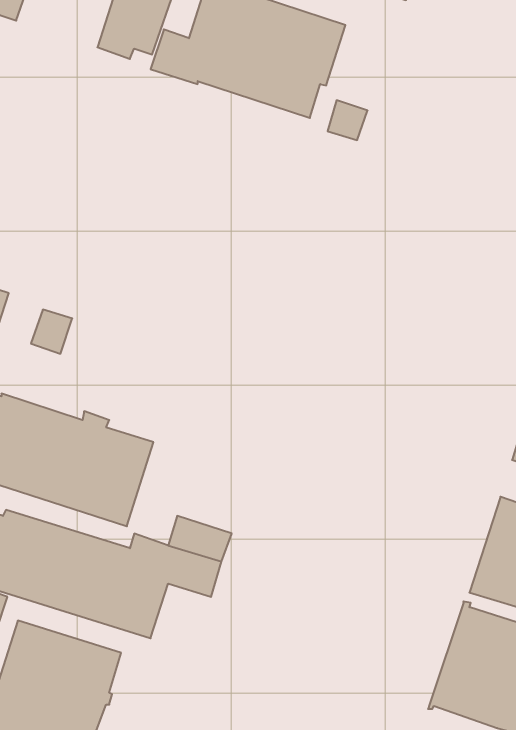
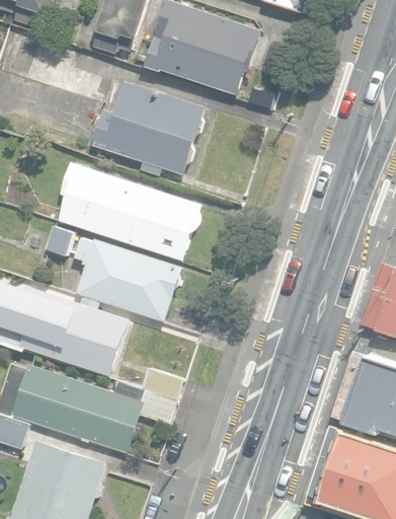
building: none -> [90,81,204,175]
building: none -> [56,161,200,262]
building: none -> [73,238,180,321]

